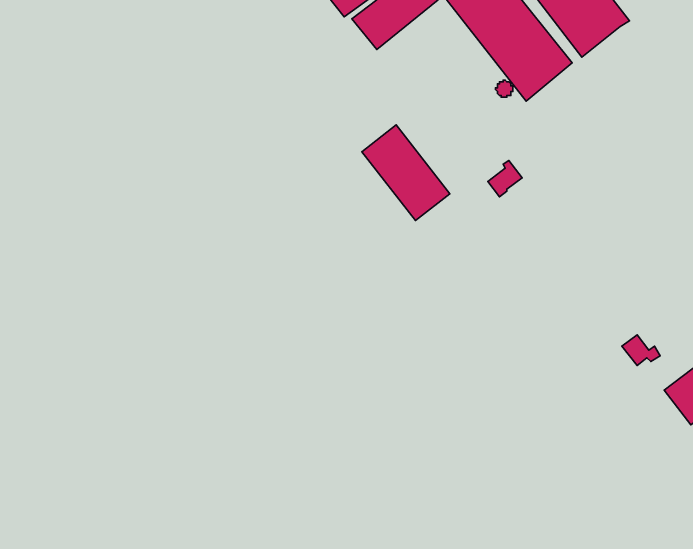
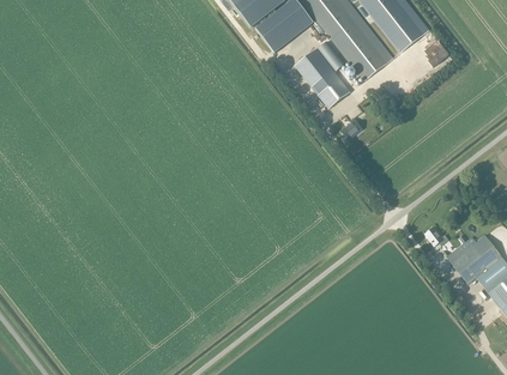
building: [362,125,450,221] -> [295,48,350,108]

